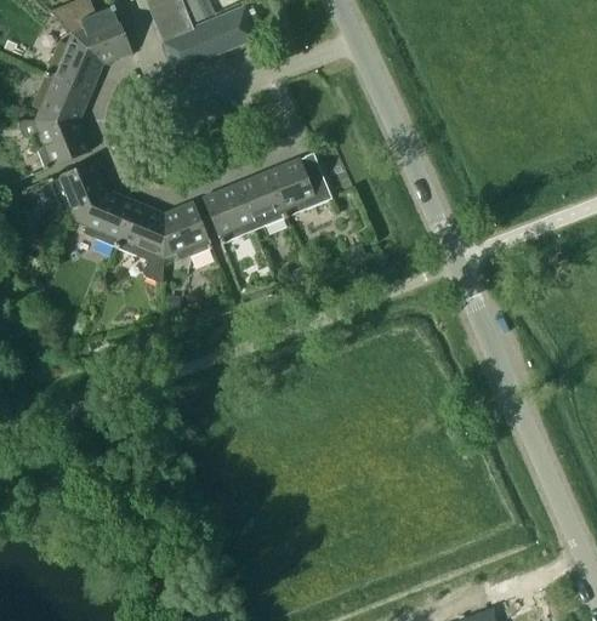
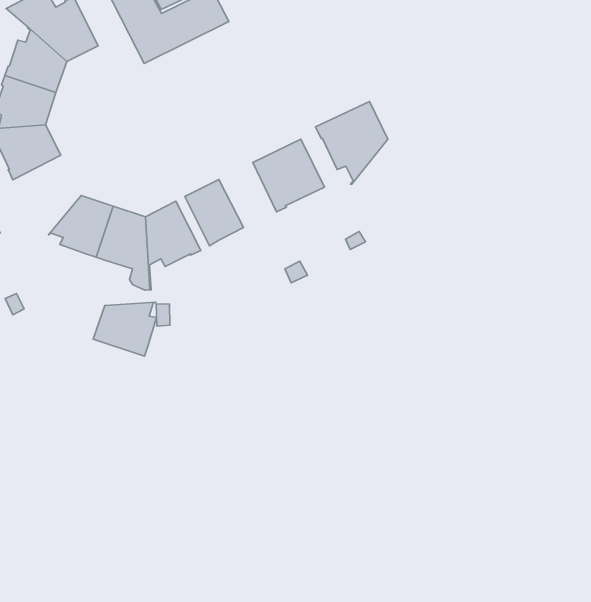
building: none -> [316,102,388,184]
building: [49,159,107,222] -> none
building: [235,170,286,229] -> none
building: none -> [93,302,157,356]

